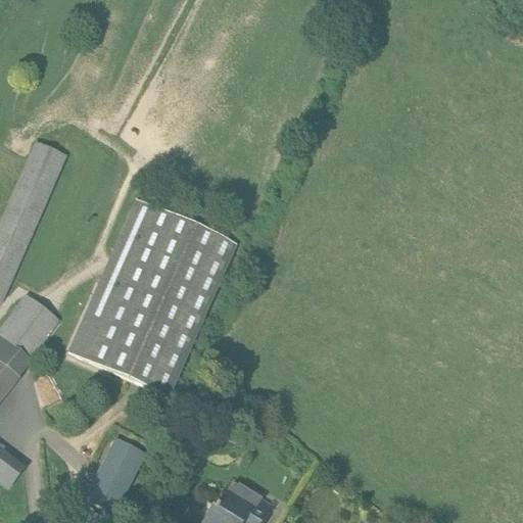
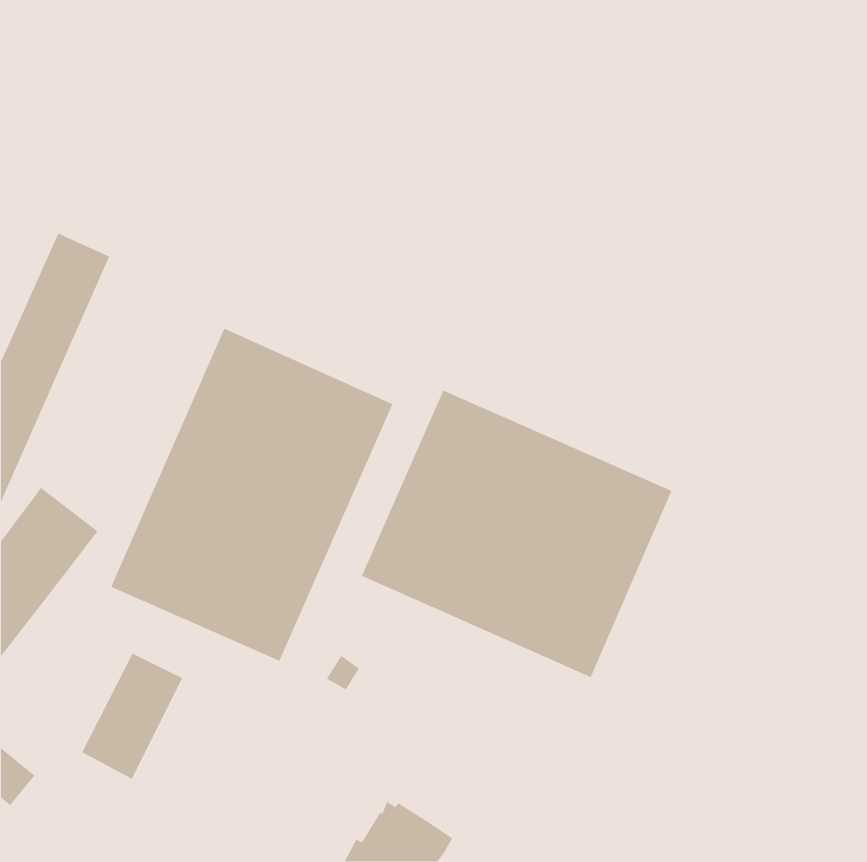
building: none -> [361,390,672,678]
building: [84,438,145,515] -> [81,653,183,780]

